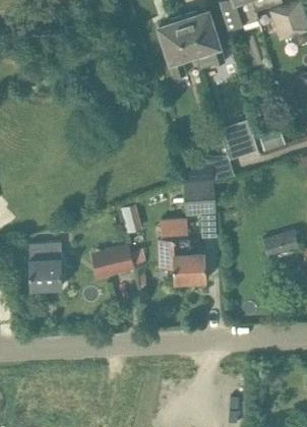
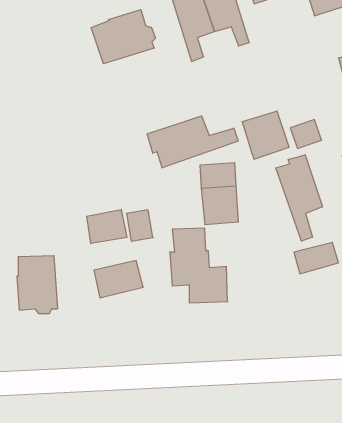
building: none -> [91,10,155,64]
building: none -> [147,116,238,168]
building: none -> [276,155,322,241]
building: none -> [87,209,127,244]

